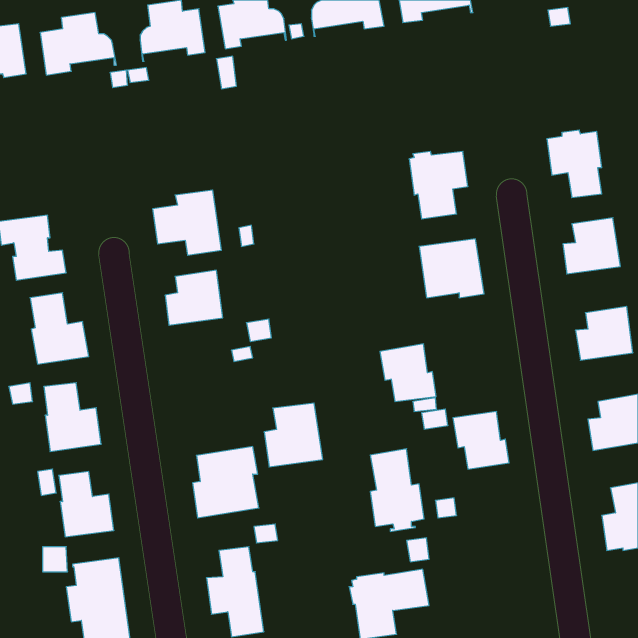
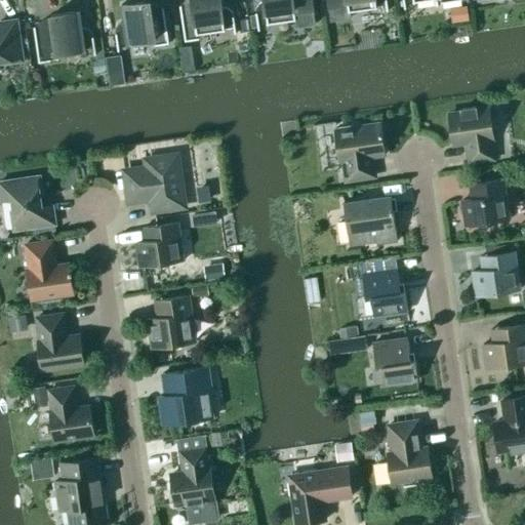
building: [380,344,436,402] -> [361,269,407,316]
building: [264,403,323,467] -> [147,296,195,349]
building: [370,449,424,531] -> [387,419,431,487]

